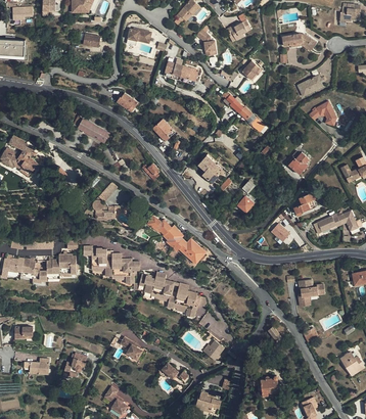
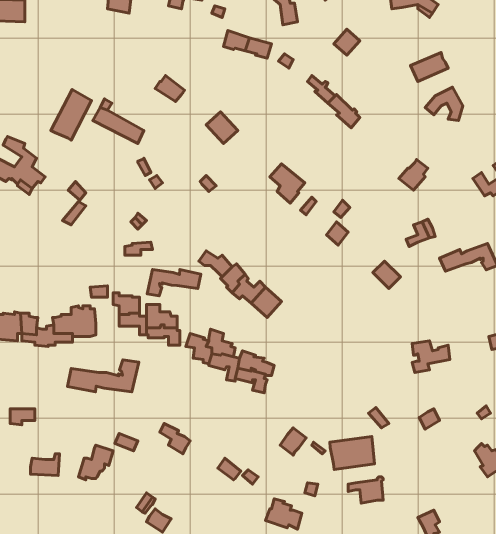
building: none -> [51,89,92,140]
building: none -> [147,270,201,296]
building: none -> [67,360,139,392]
building: none -> [330,436,375,469]

